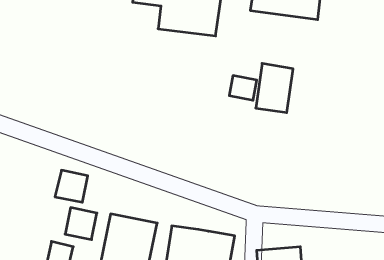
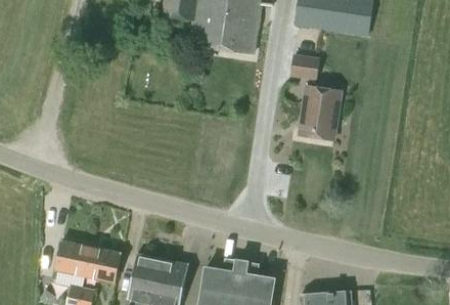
building: [229,76,257,100] -> [290,52,321,80]
building: [55,170,88,202] -> [55,239,92,275]

